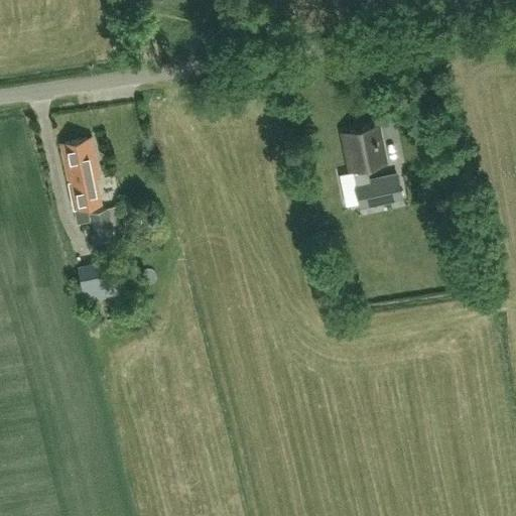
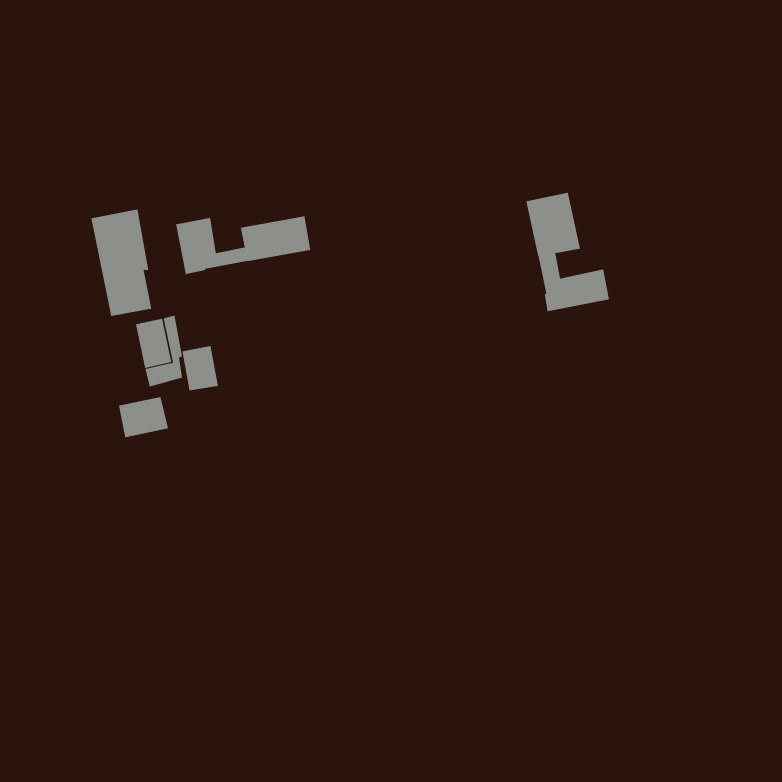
building: none -> [175,215,311,275]
building: none -> [182,345,218,391]

